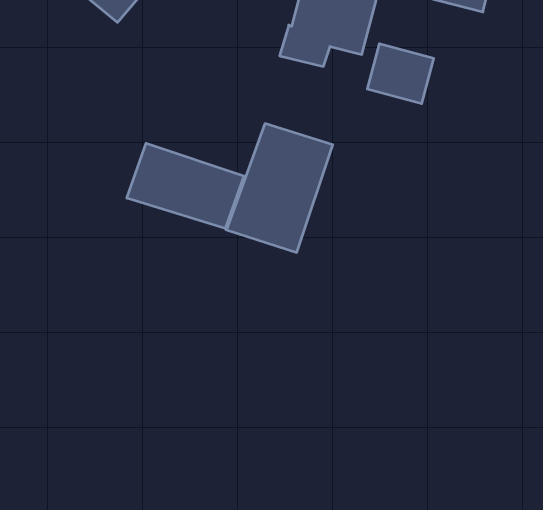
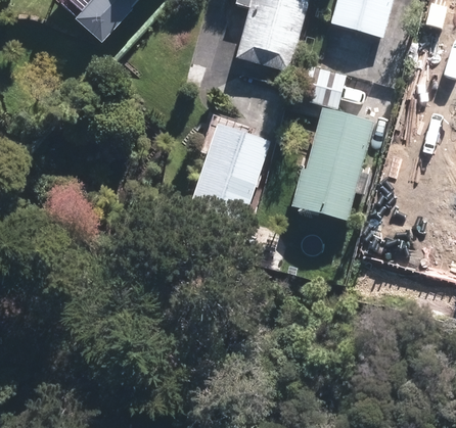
building: none -> [289,106,373,220]
building: [127,143,244,229] -> none

